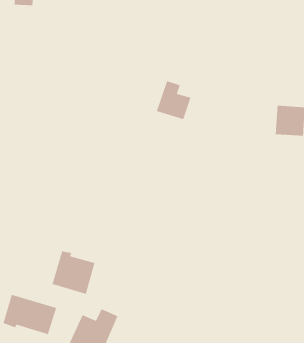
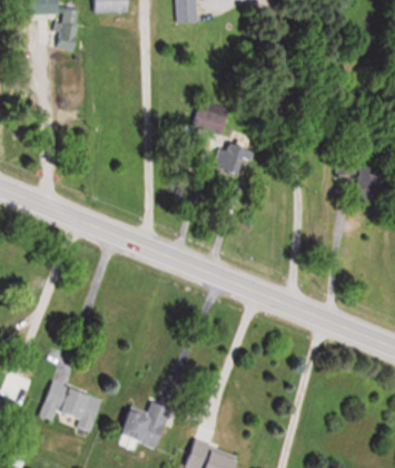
building: none -> [189,99,229,135]
building: [51,250,96,295] -> none

